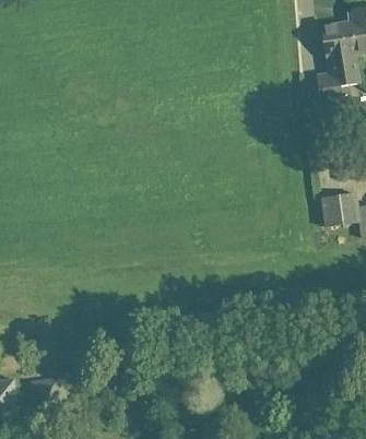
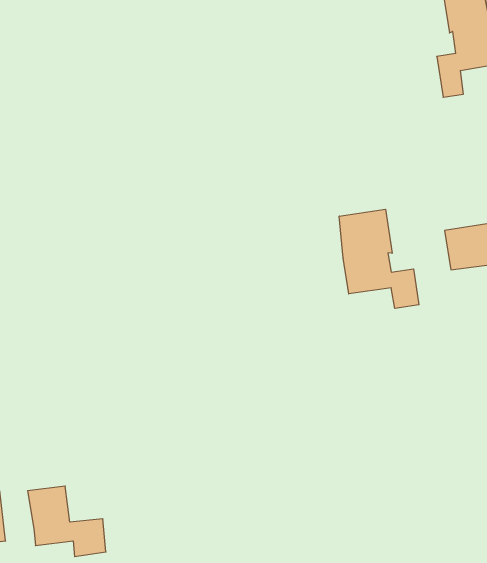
building: none -> [339,209,419,308]

